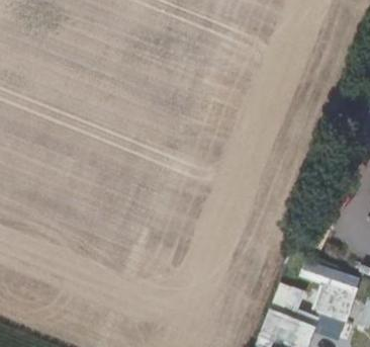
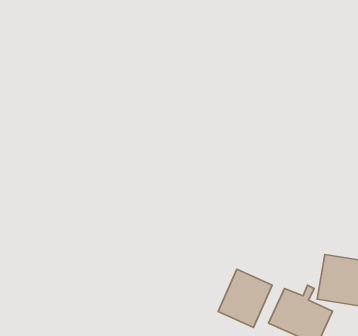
building: none -> [218,269,272,327]

